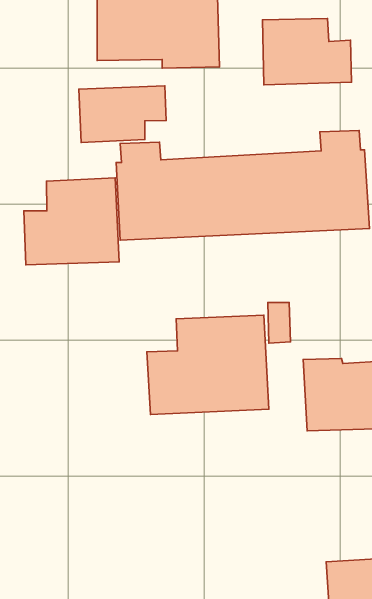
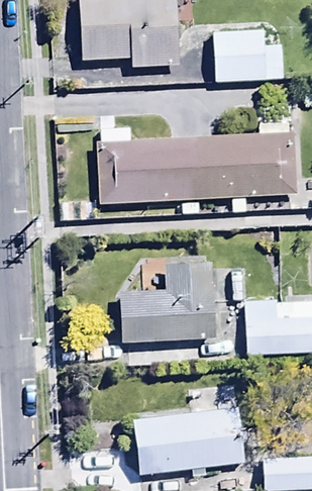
building: [79,86,166,143] -> none
building: [24,178,119,265] -> none
building: none -> [135,385,247,476]

